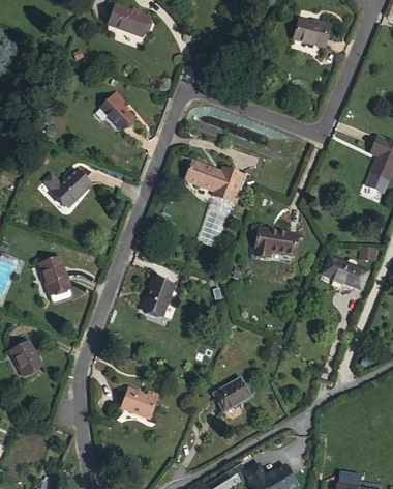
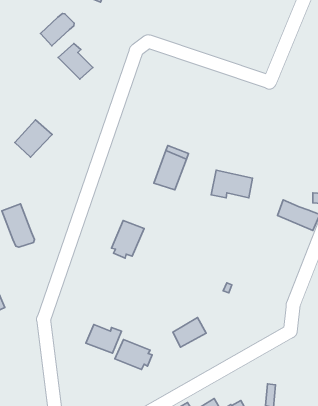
building: none -> [40,13,74,46]
building: [183,160,242,202] -> none
building: none -> [115,340,152,369]

